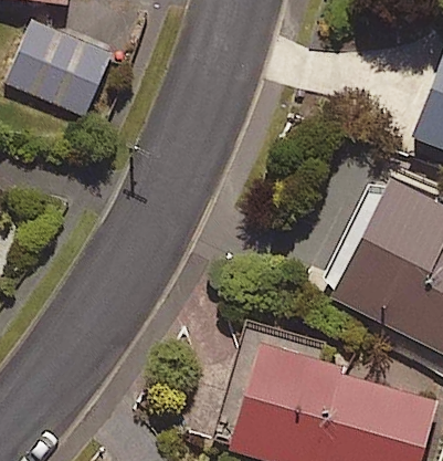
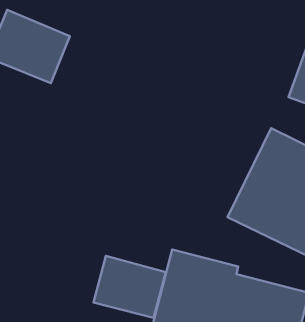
building: none -> [94,256,166,318]

